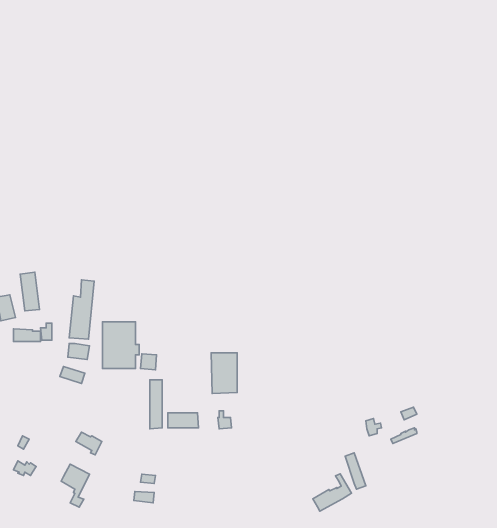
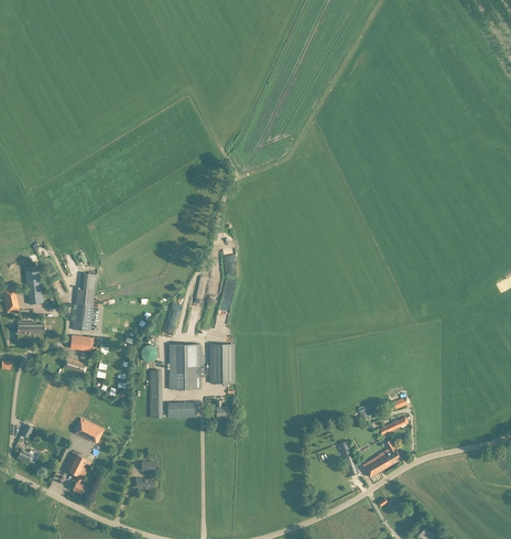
building: [103,322,139,368] -> [168,344,204,389]
building: [313,474,352,511] -> [362,440,400,476]

